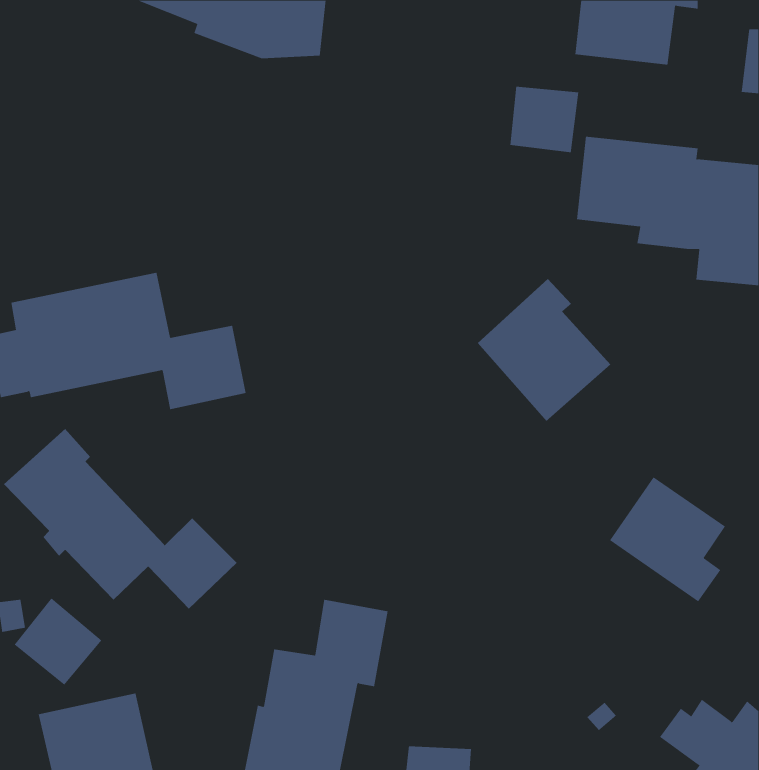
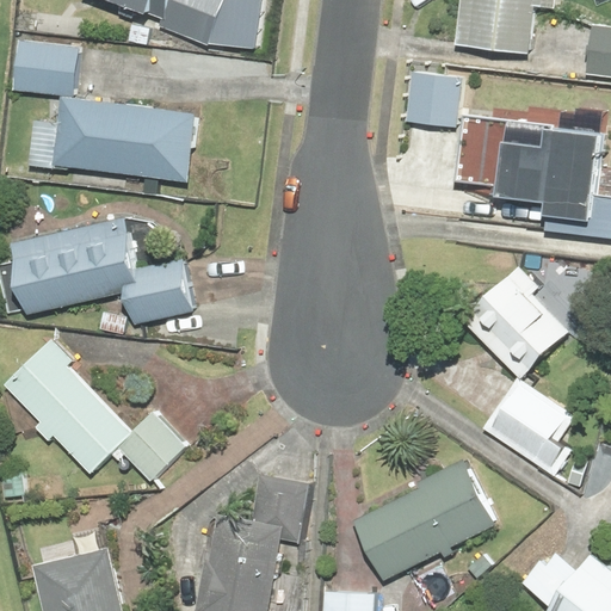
building: none -> [11,36,75,92]
building: none -> [50,97,199,183]
building: [477,278,611,422] -> [464,266,570,379]
building: none -> [353,459,496,580]
building: [14,597,102,686] -> none

